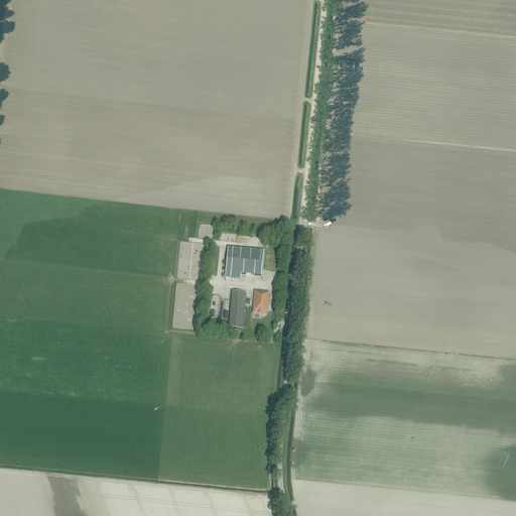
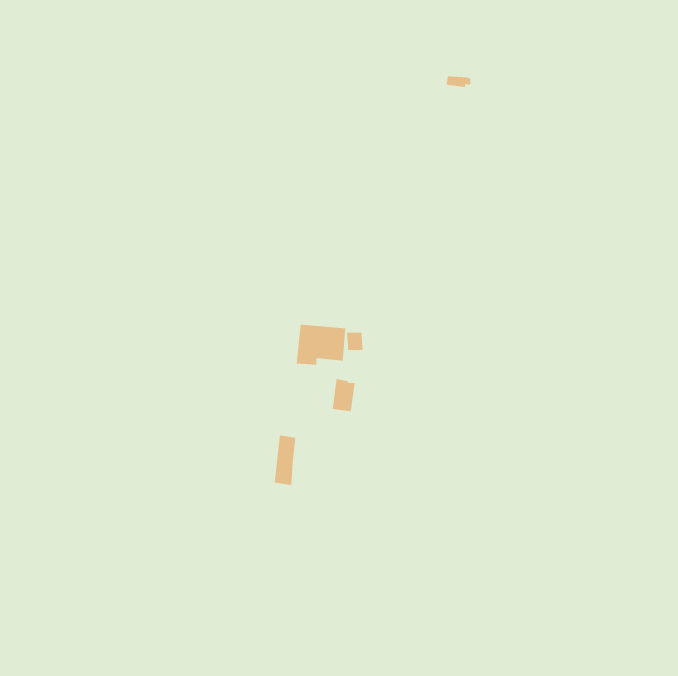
building: [229,288,246,327] -> [274,435,296,485]

